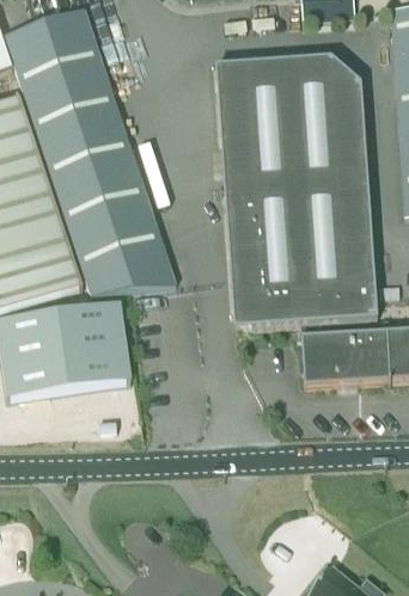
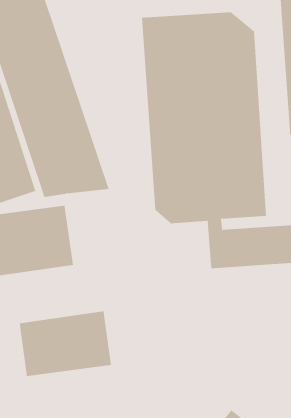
building: none -> [19,311,112,377]

